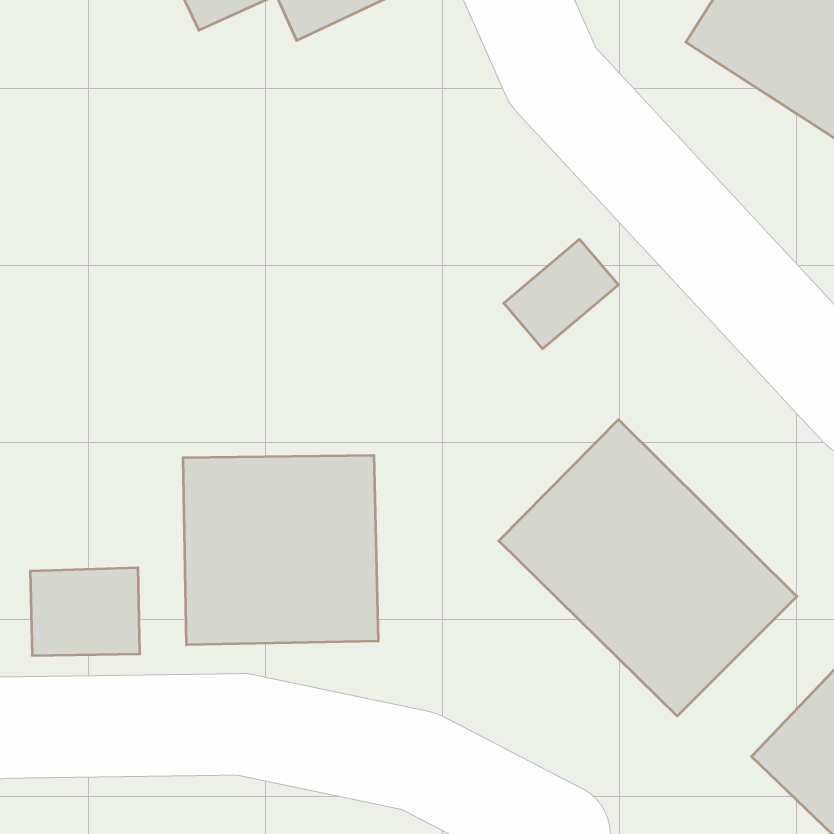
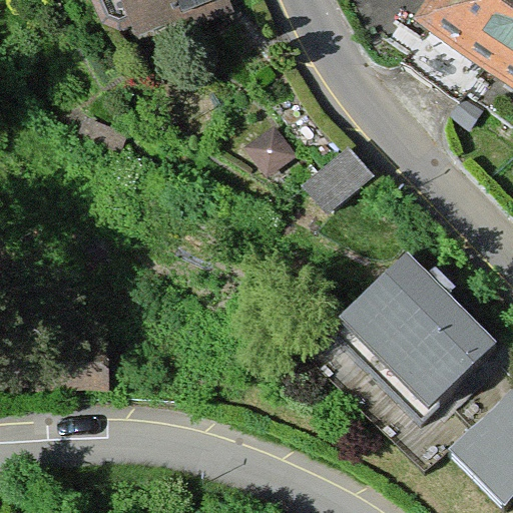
building: [183,455,378,645] -> none

